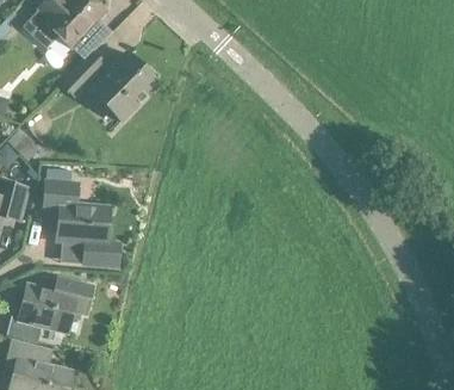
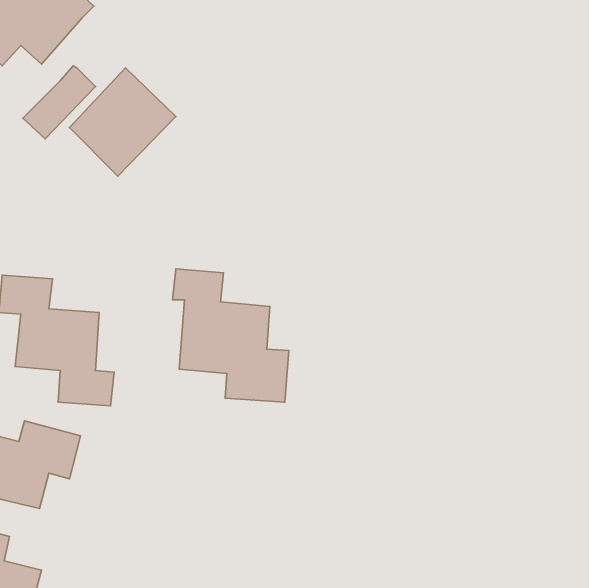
building: [71,19,112,60] -> none
building: none -> [172,269,289,402]

